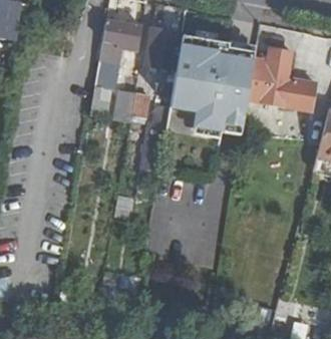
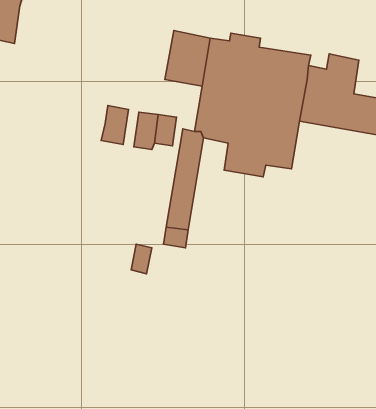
building: [101,20,144,65] -> none

